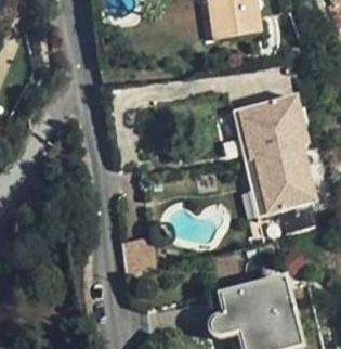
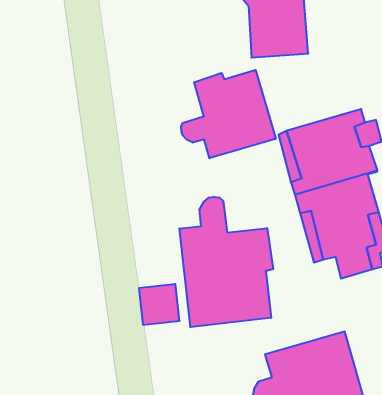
building: none -> [181,70,276,158]
building: none -> [179,197,273,327]

